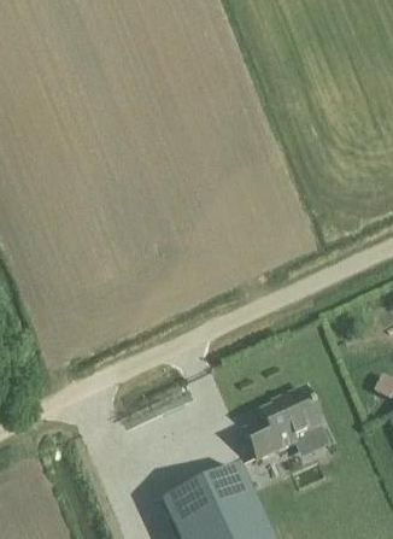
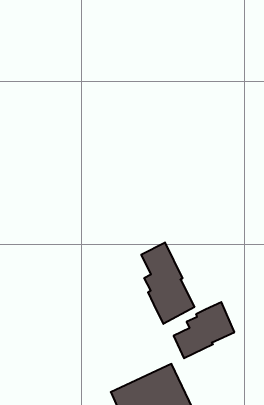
building: none -> [141,242,194,324]

